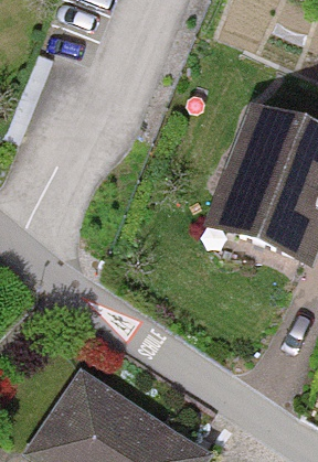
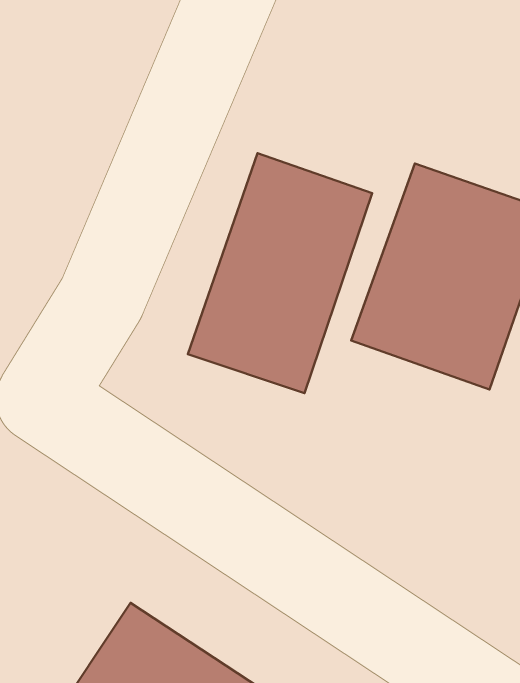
building: none -> [188,153,372,393]

